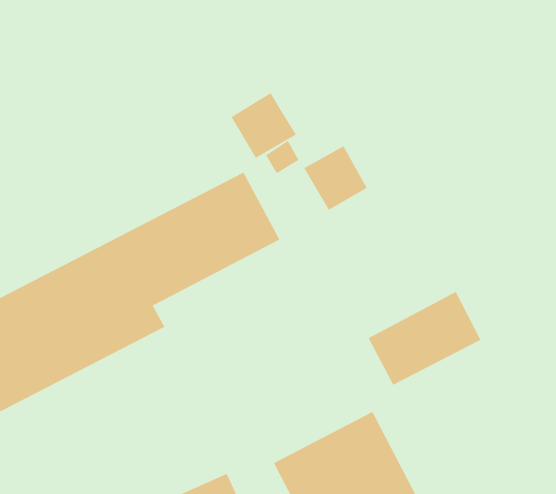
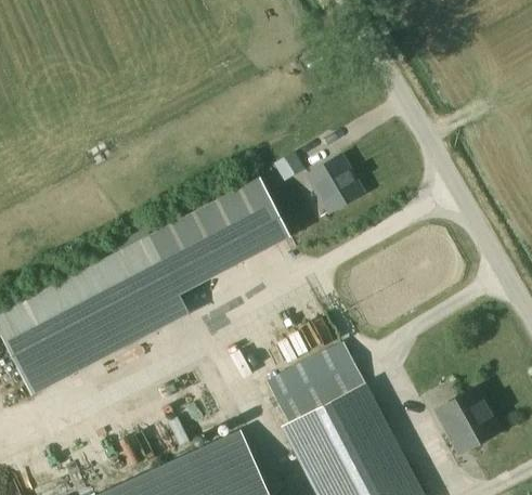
building: [231,92,297,159] -> none
building: [368,291,481,386] -> [265,341,363,422]
building: none -> [434,388,499,447]

